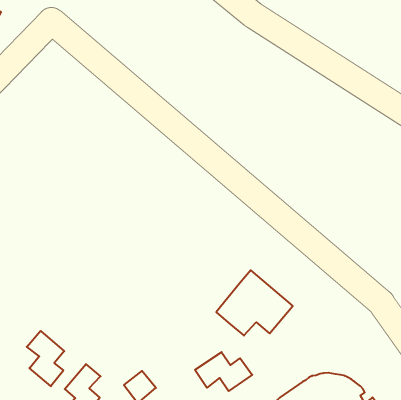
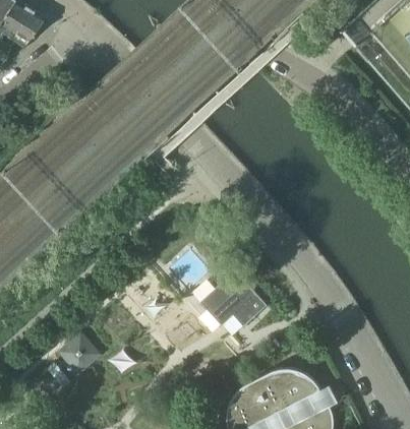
building: [27,331,64,386] -> none
building: [195,352,252,391] -> none

